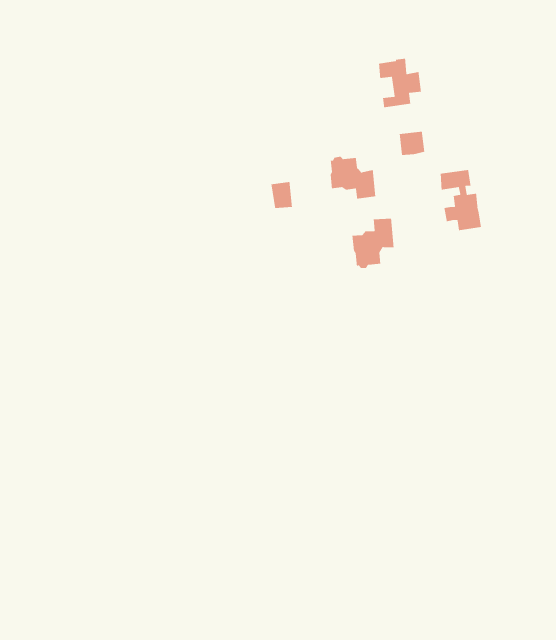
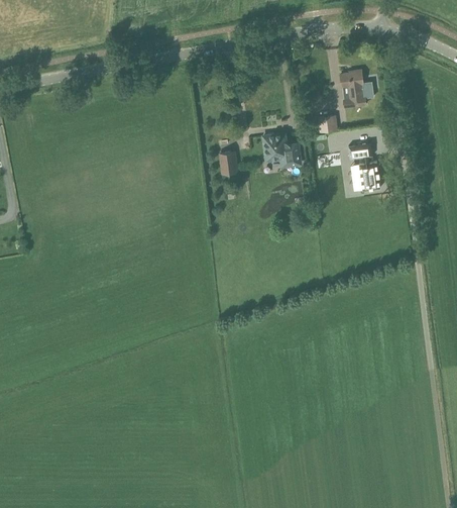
building: [378,58,422,108] -> [340,70,373,108]
building: [352,218,395,269] -> none

